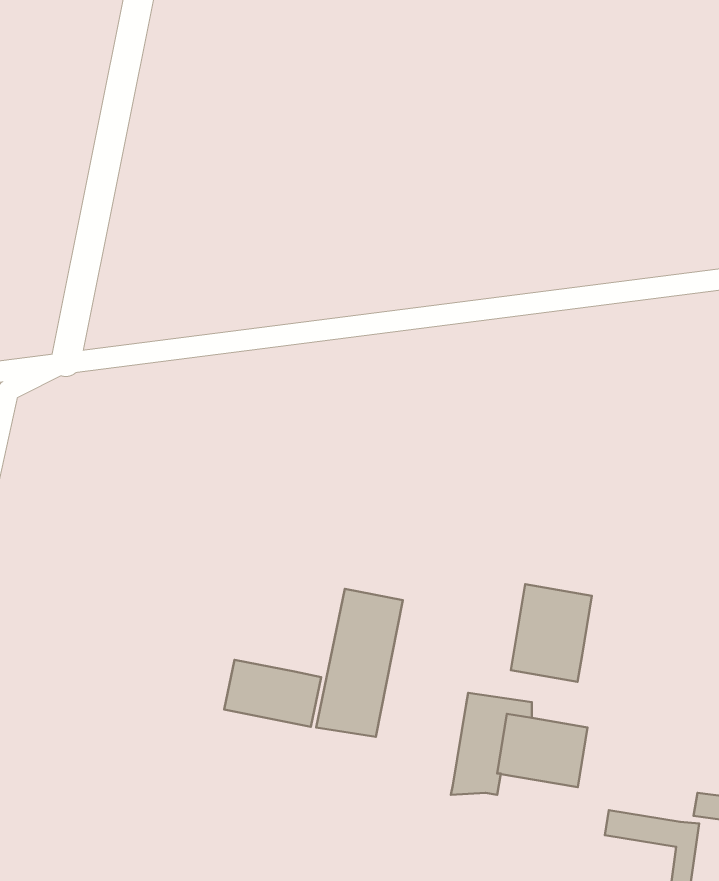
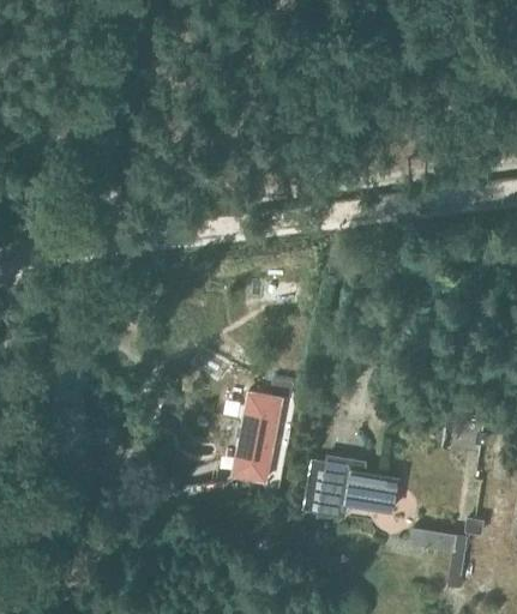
building: [511,584,592,682] -> none
building: [224,660,321,727] -> none

